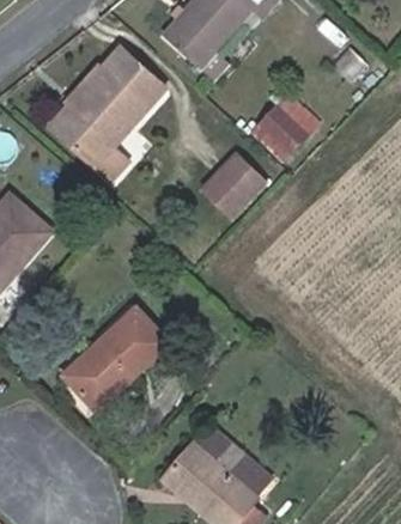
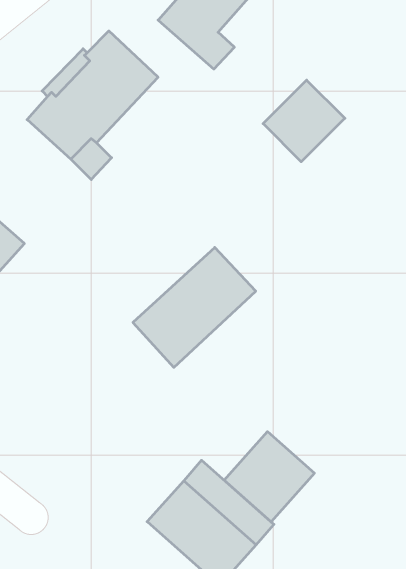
building: [207,156,263,213] -> none
building: [60,307,168,413] -> [133,247,256,367]
building: none -> [224,432,314,522]

